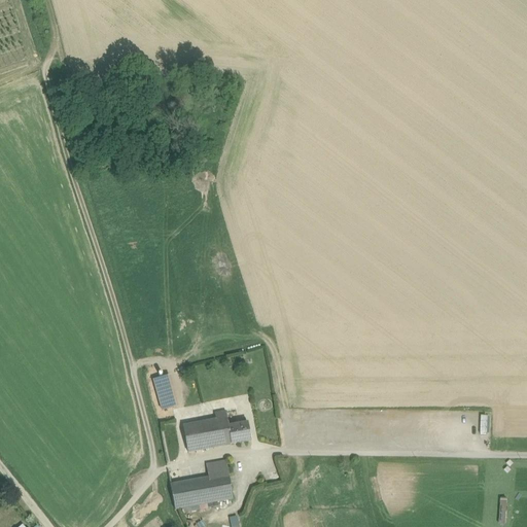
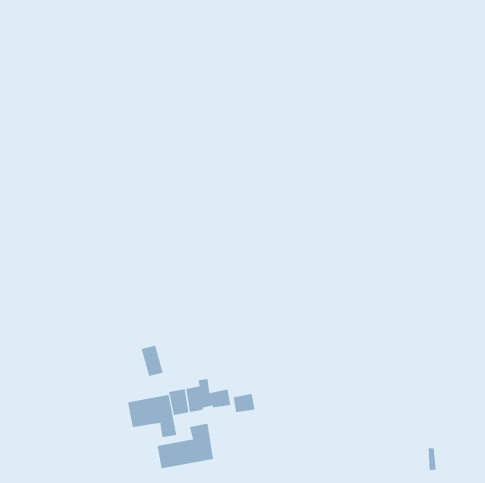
building: none -> [233,393,255,413]
building: none -> [127,394,177,438]

